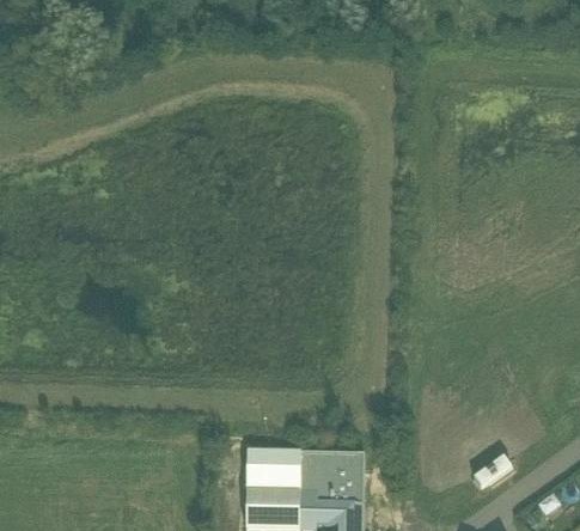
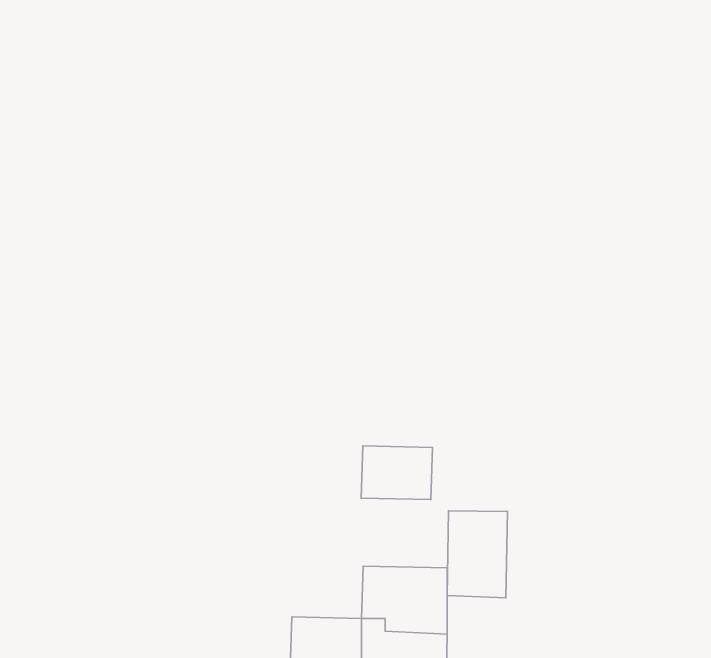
building: none -> [447,511,508,598]
building: [246,451,300,492] -> [361,446,432,500]

